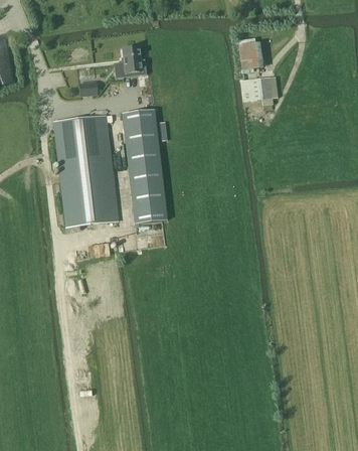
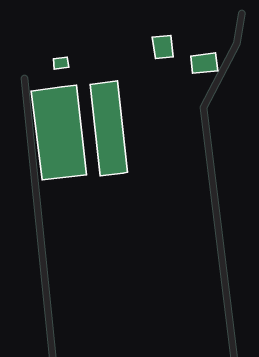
building: [238,41,263,68] -> [152,35,173,58]
building: [121,45,146,73] -> none

